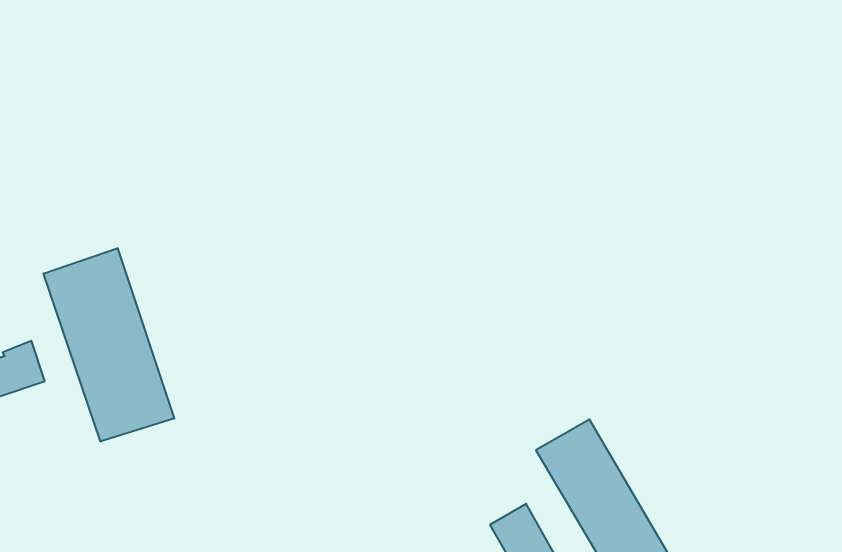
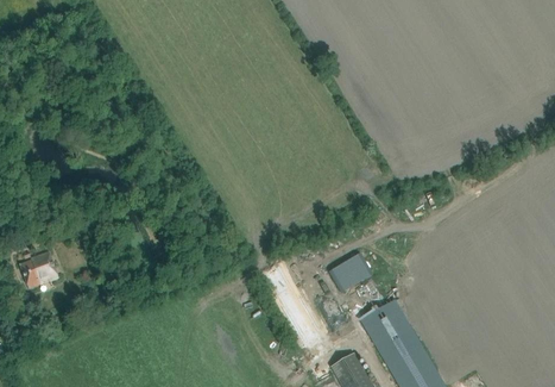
building: [44,248,174,442] -> none
building: none -> [330,254,373,293]

